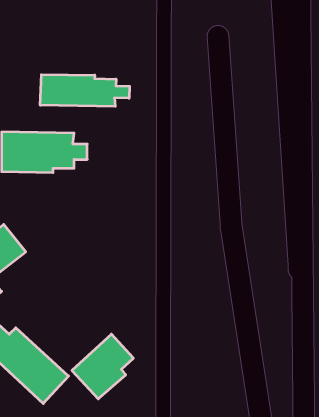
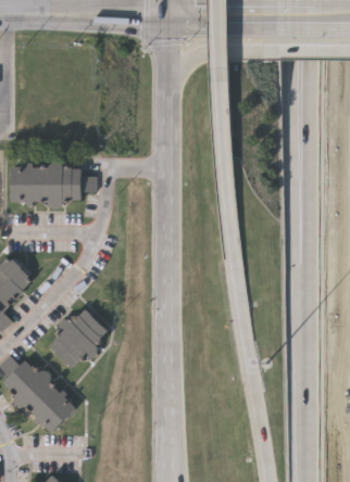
building: [40,75,130,106] -> none
building: [72,334,133,399] -> [46,307,107,371]

